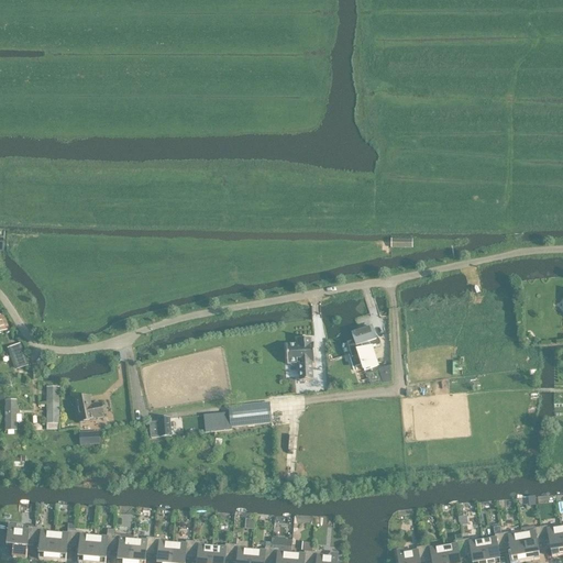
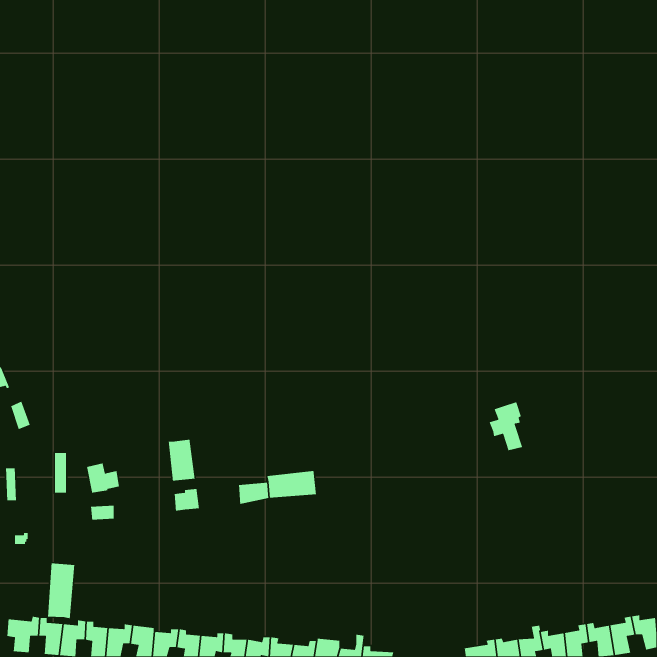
building: [346,325,376,368] -> [488,401,523,451]
building: [285,336,313,379] -> none
building: none -> [168,439,196,482]
building: none -> [47,563,75,619]

